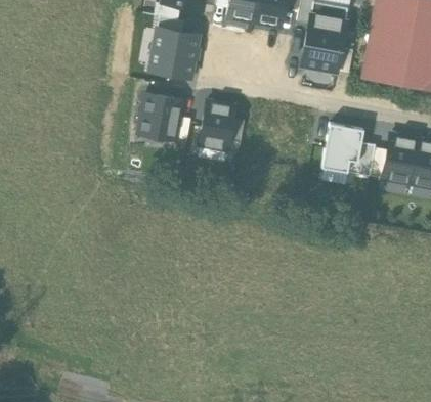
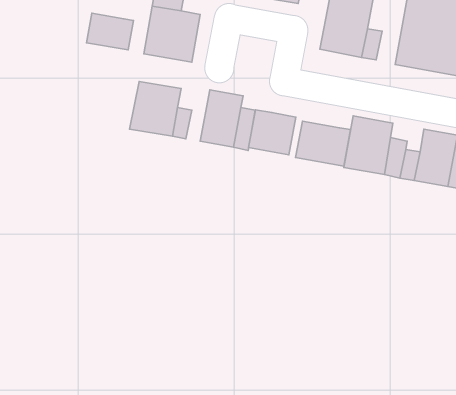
building: none -> [87,13,134,50]
building: none -> [249,110,296,155]
building: none -> [296,121,351,166]

